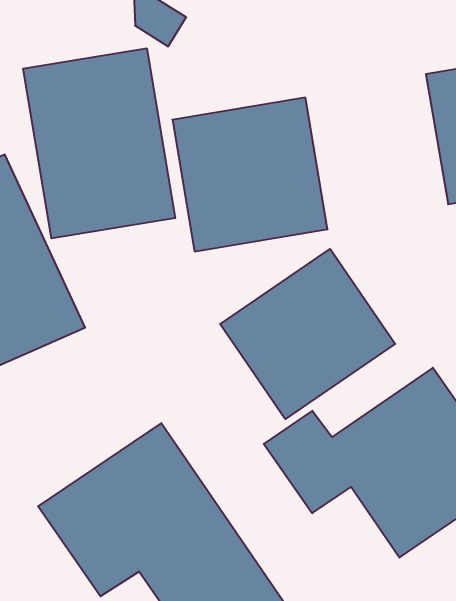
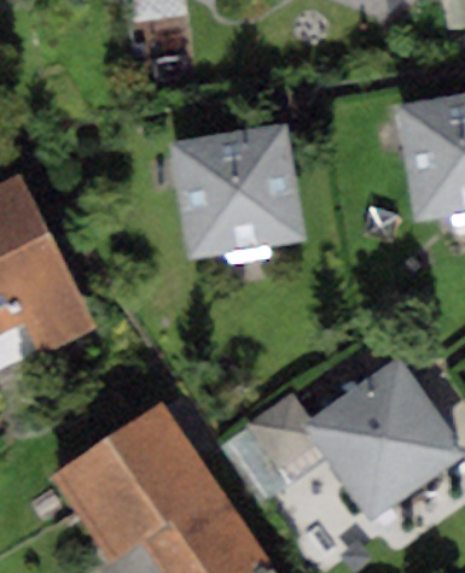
building: [23,48,175,238] -> none
building: [220,249,395,419] -> none

